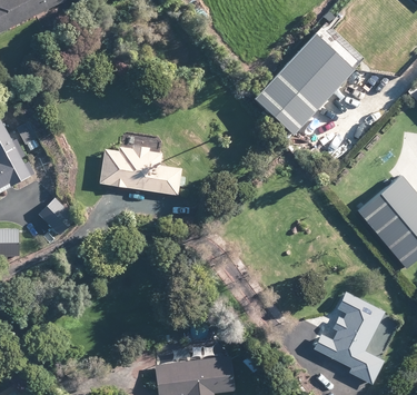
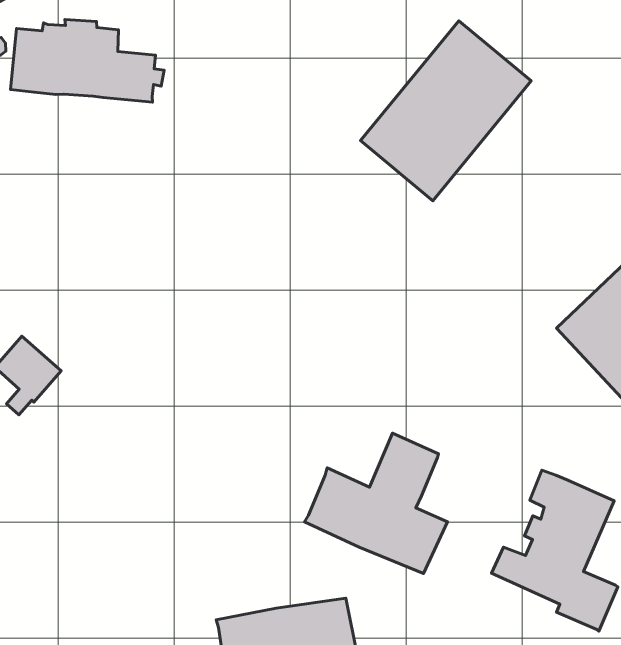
building: [98,146,186,196] -> [11,20,164,102]
building: none -> [304,433,448,573]

